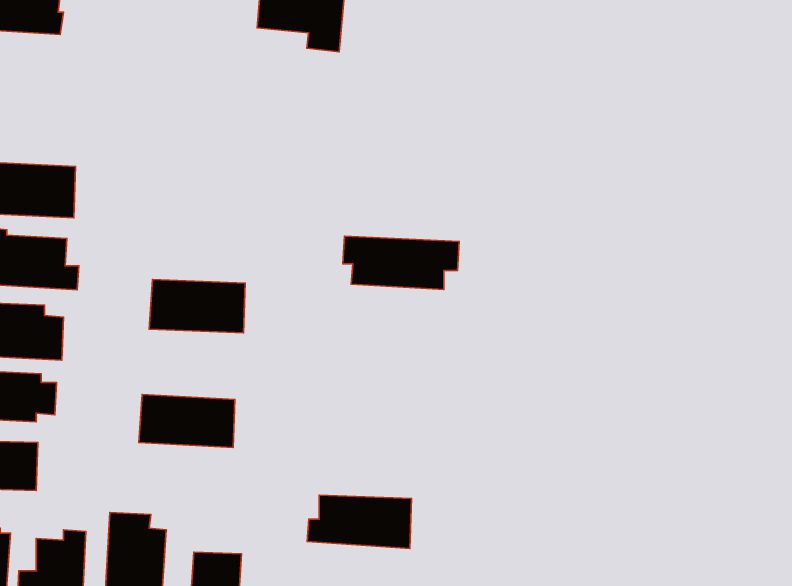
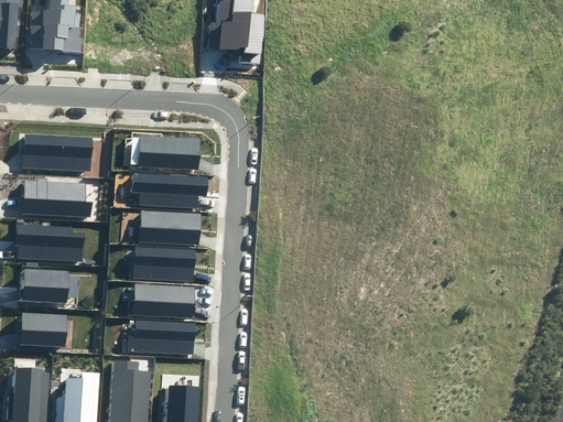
building: none -> [137,136,198,170]
building: [343,236,459,289] -> [132,174,207,208]
building: none -> [131,248,195,281]
building: [307,495,412,548] -> [127,321,194,355]

